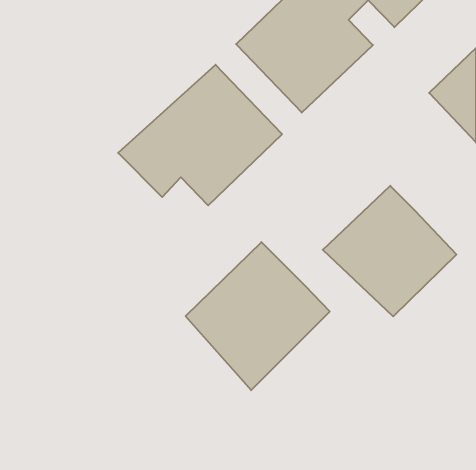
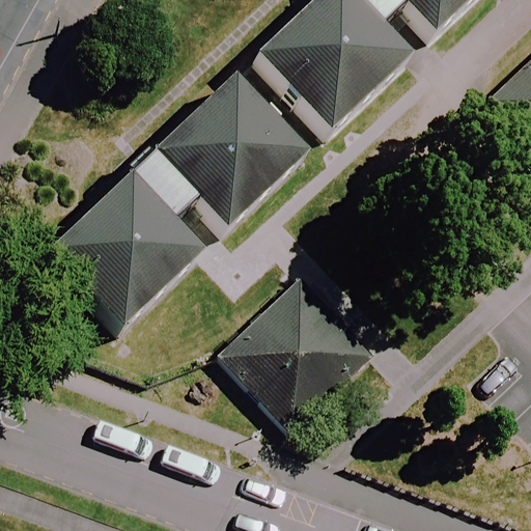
building: none -> [47,169,206,333]
building: [323,186,456,316] -> none

